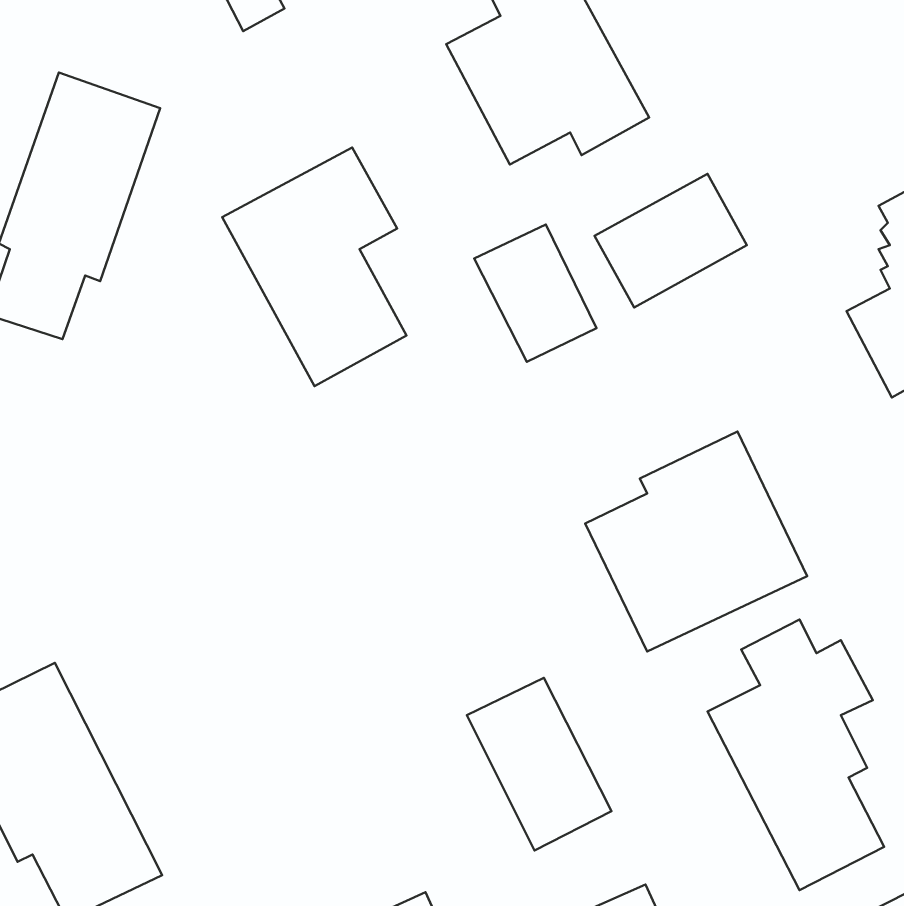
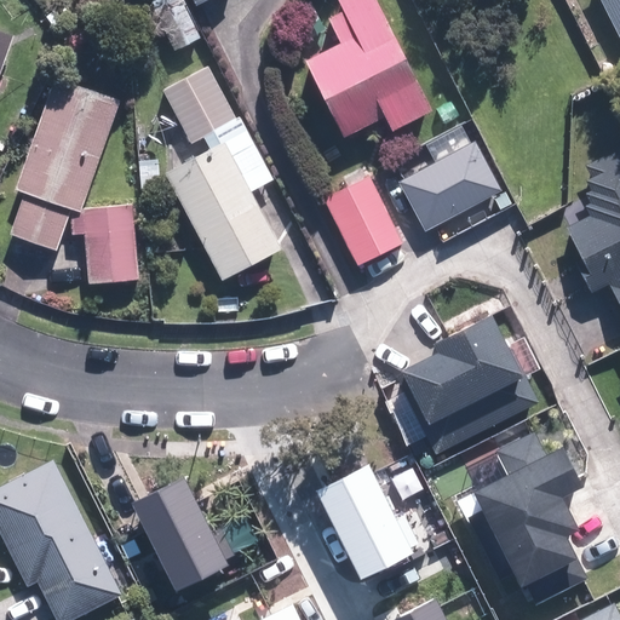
building: none -> [163,68,236,143]
building: none -> [71,206,140,283]
building: none -> [133,481,226,592]

